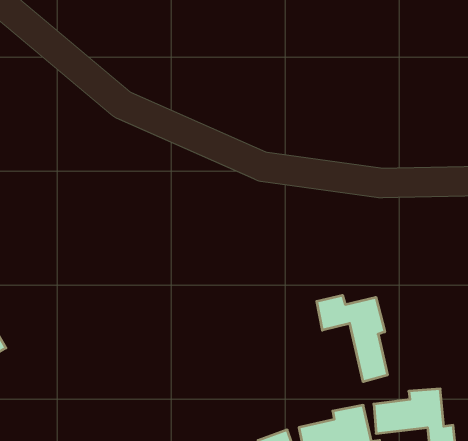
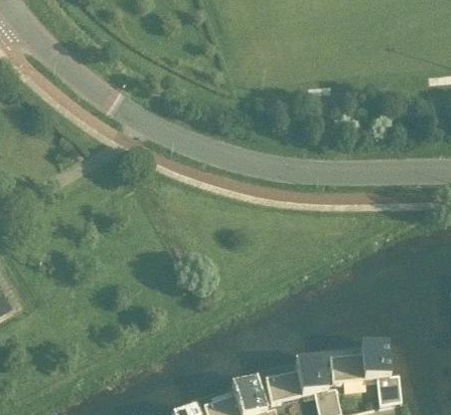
building: [317,295,387,382] -> none

